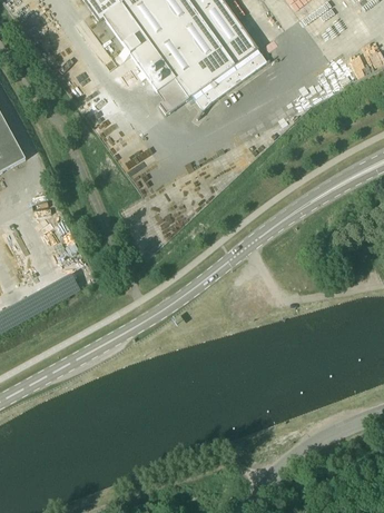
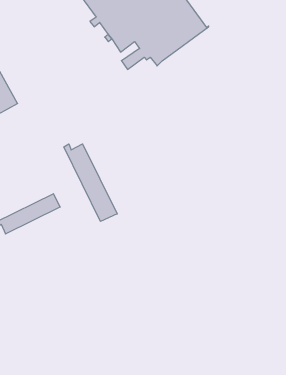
building: none -> [64,144,117,221]

